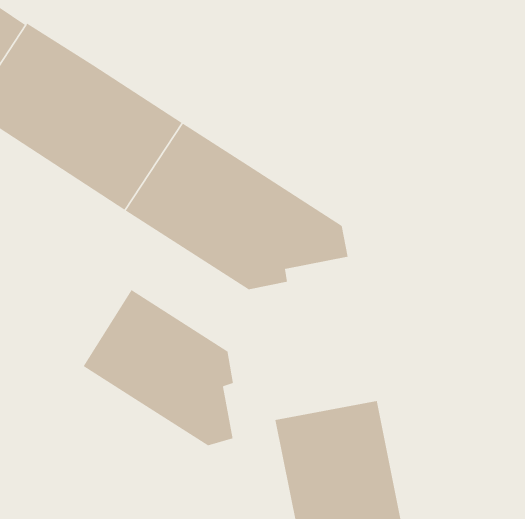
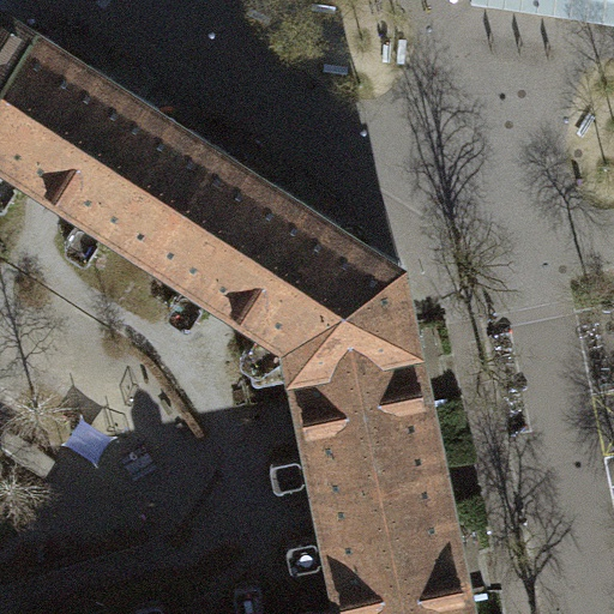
building: none -> [289,308,439,498]
building: [83,289,233,446] -> none

